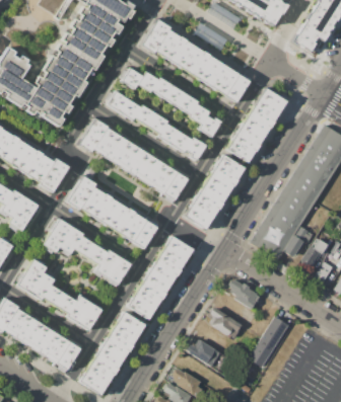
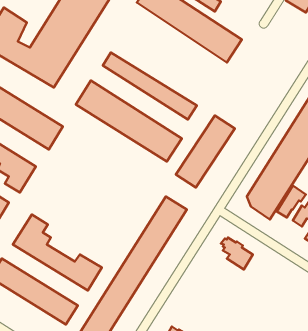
building: [123,70,219,138] -> none
building: [226,89,285,162] -> none
building: [68,177,155,249] -> none
building: [43,219,132,287] -> none
building: [209,308,242,341] -> none
building: [249,318,289,369] -> none
building: [187,340,221,368] -> none

